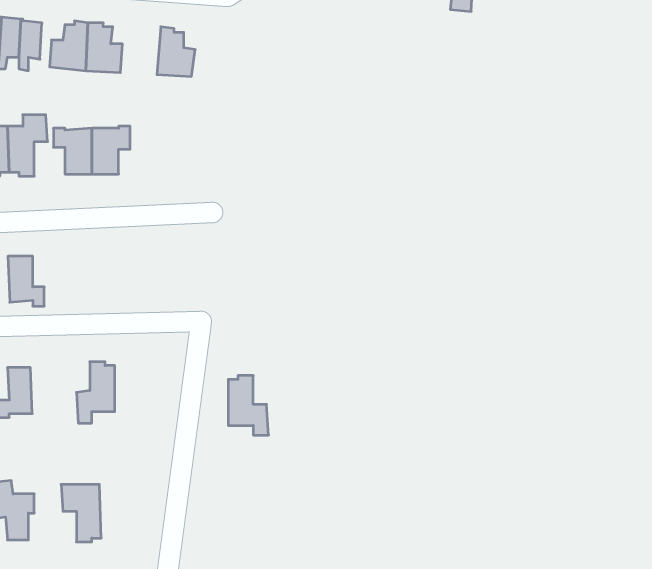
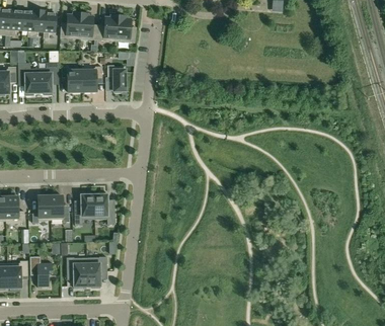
building: none -> [97,15,119,40]
building: none -> [107,65,126,92]
building: [8,256,44,306] -> [50,195,69,222]
building: [228,376,269,435] -> [94,192,116,224]
building: none -> [86,256,107,288]

